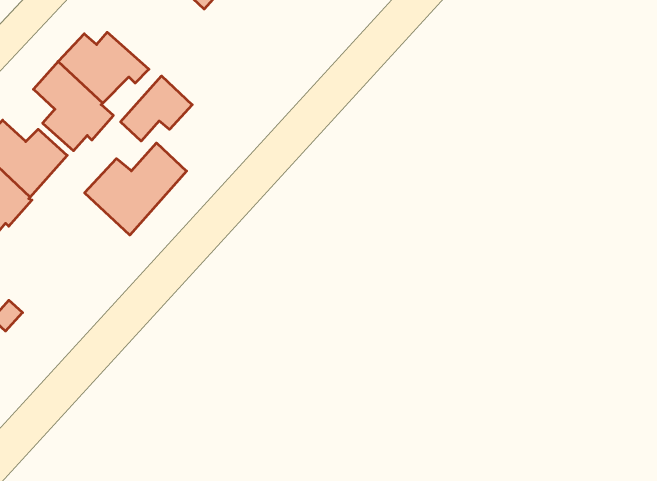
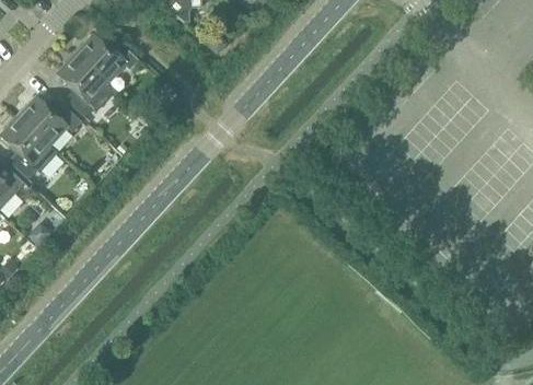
building: [121,76,192,141] -> none
building: [85,143,187,235] -> none

